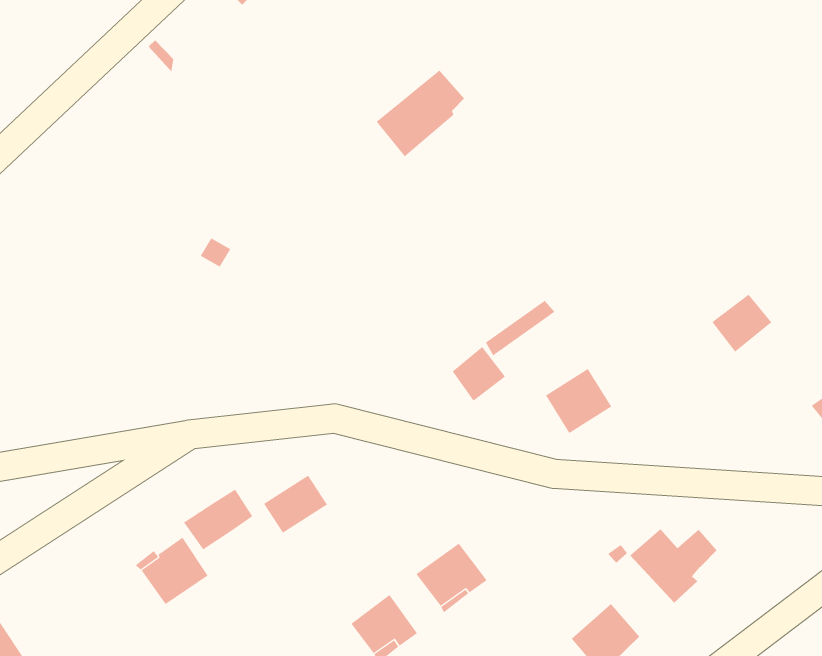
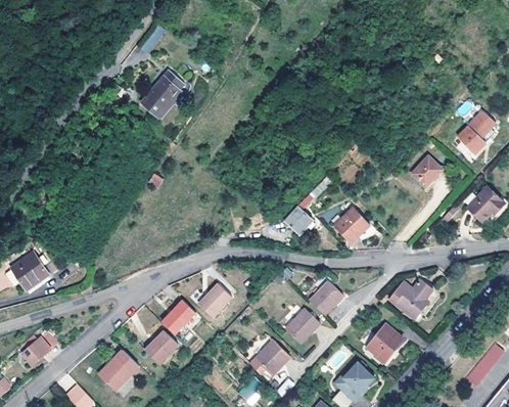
building: [376,70,465,157] -> [139,72,182,119]
building: none -> [312,282,344,315]
building: none -> [102,351,139,391]

